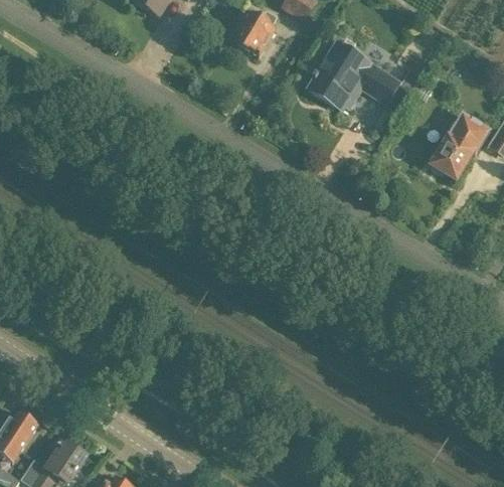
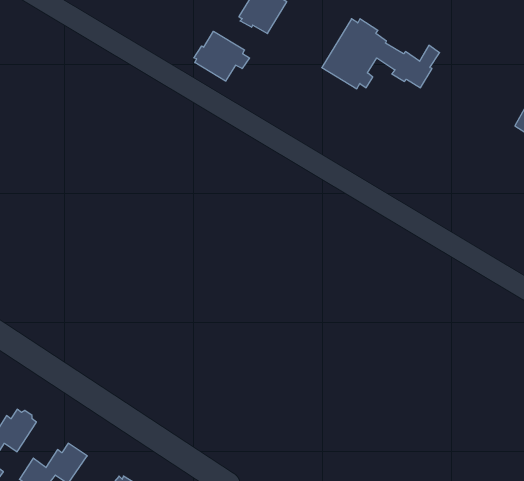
building: none -> [194,31,250,81]
building: [432,114,490,179] -> none

